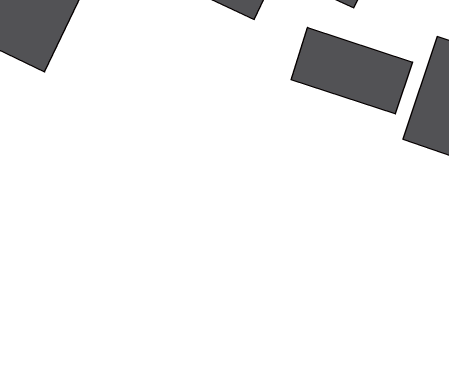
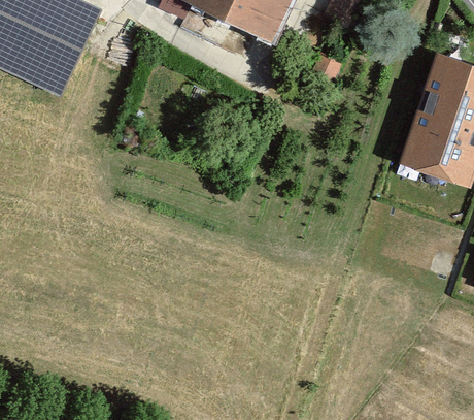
building: [291,27,413,114] -> none

